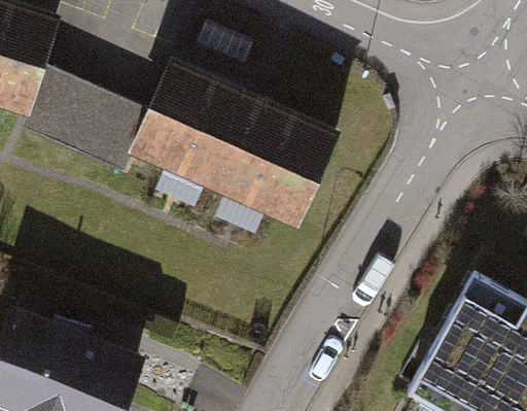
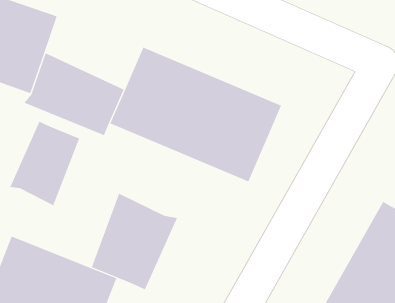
building: none -> [10,121,80,206]
building: none -> [91,193,178,290]

